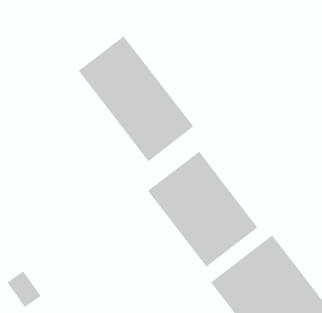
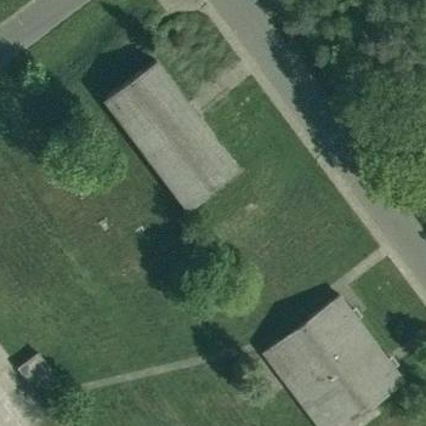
building: [147,151,258,267] -> none

